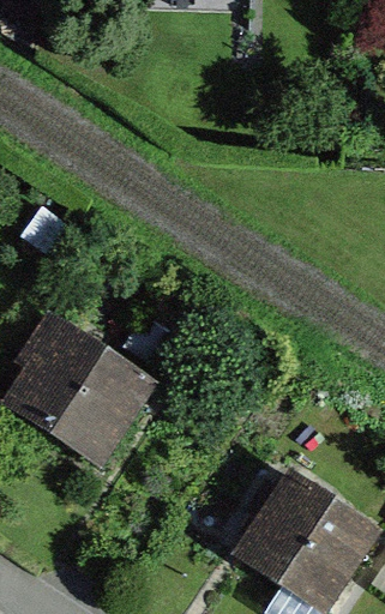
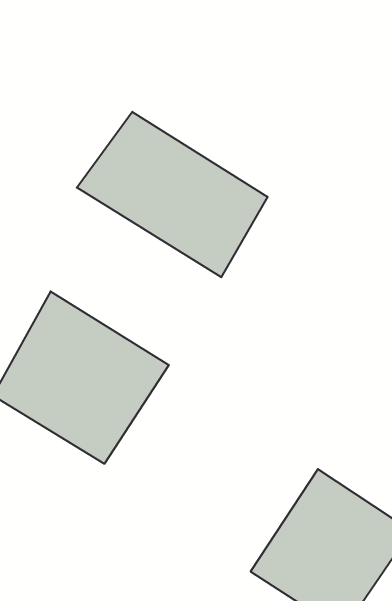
building: none -> [77,112,268,277]

